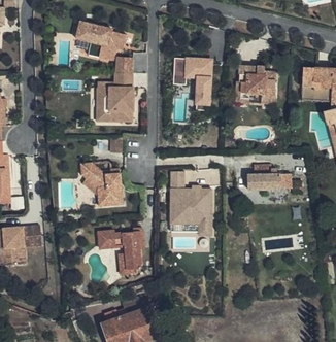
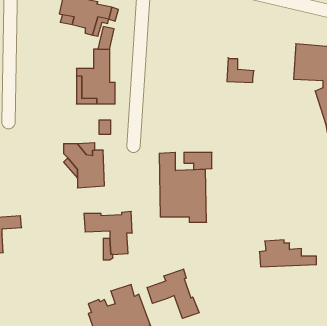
building: [174,58,213,105] -> none
building: [238,64,274,101] -> none
building: [246,165,301,191] -> [259,240,316,267]
building: none -> [147,269,199,318]

